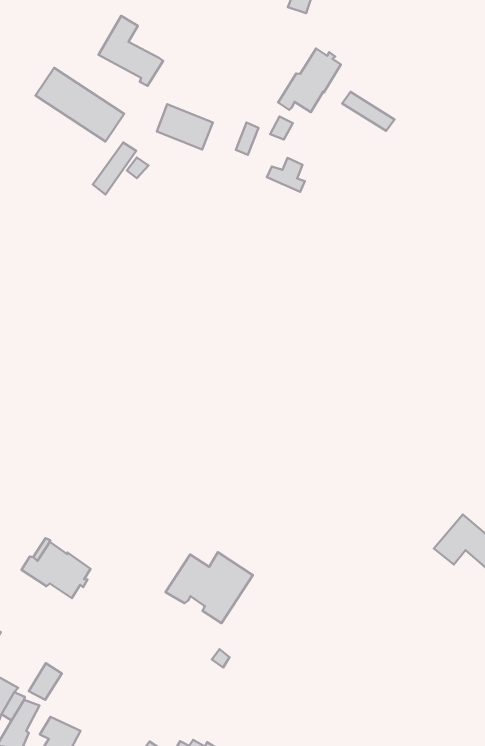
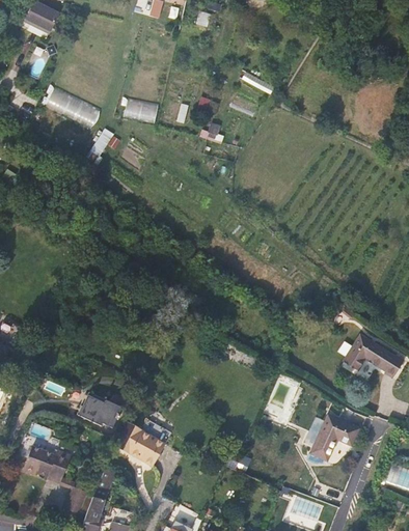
building: [99,16,163,86] -> none
building: [278,48,341,112] -> none
building: [165,552,253,623] -> [115,422,170,468]
building: none -> [309,413,357,460]

